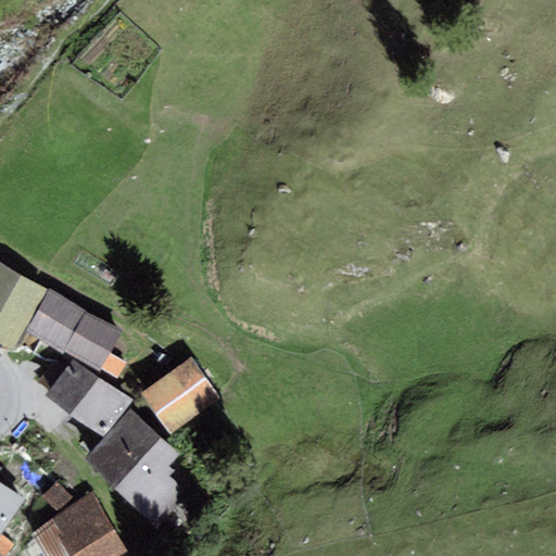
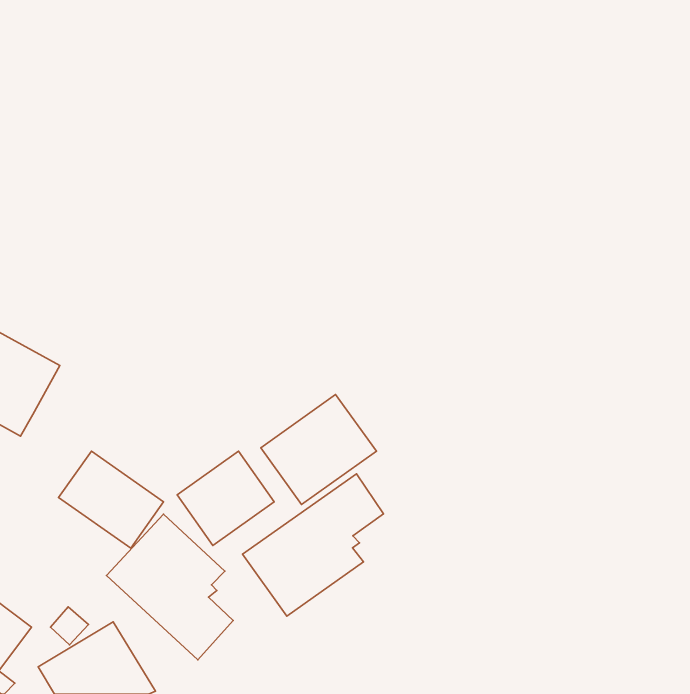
building: [26,291,127,381] -> none
building: none -> [261,395,376,504]
building: none -> [243,474,384,616]

